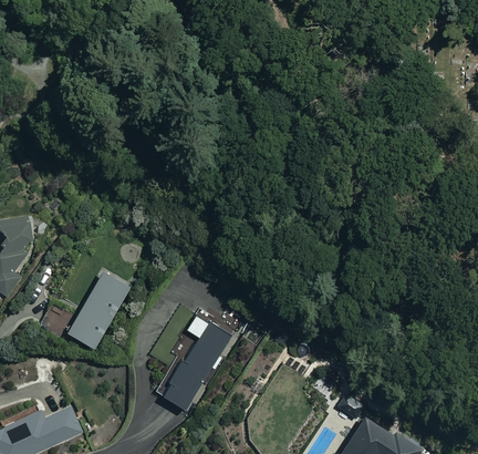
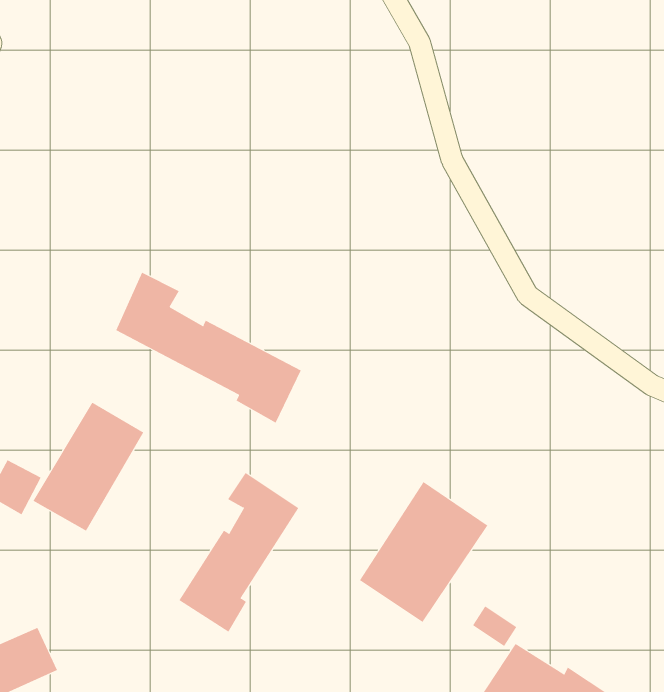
building: none -> [115,272,302,424]
building: none -> [359,481,488,623]

